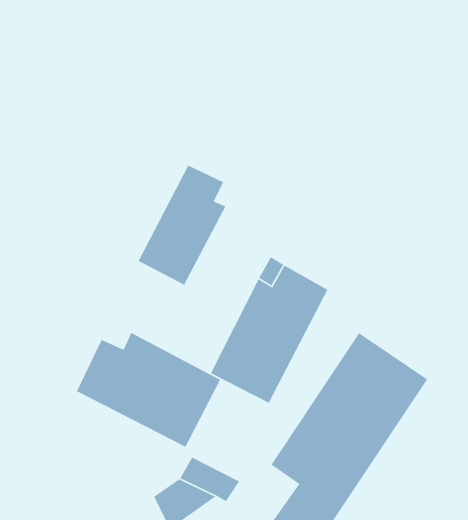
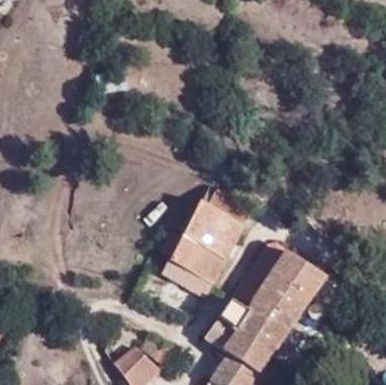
building: [138,165,226,286] -> none
building: [76,332,221,448] -> none

